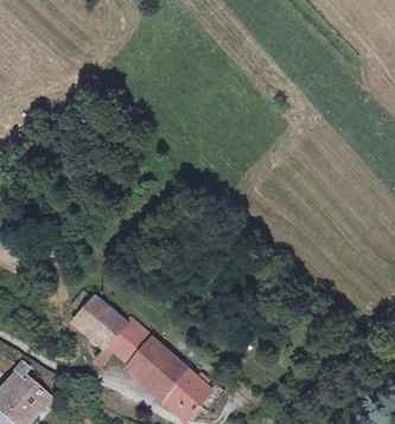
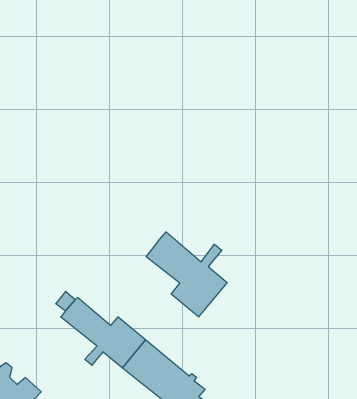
building: none -> [146,232,227,317]

